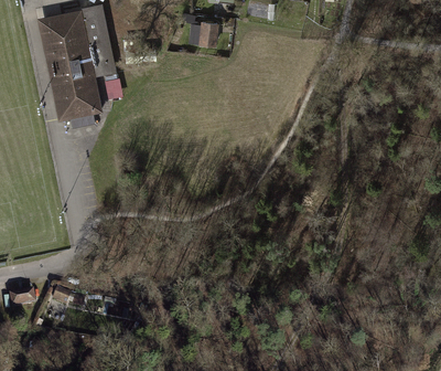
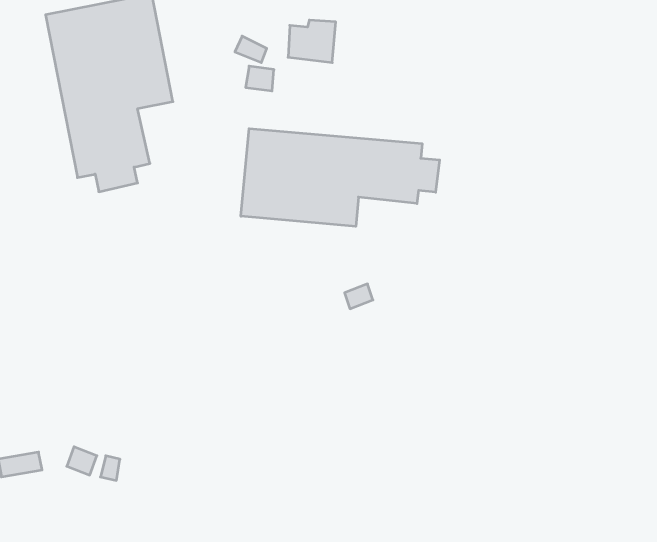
building: none -> [241,129,440,226]

